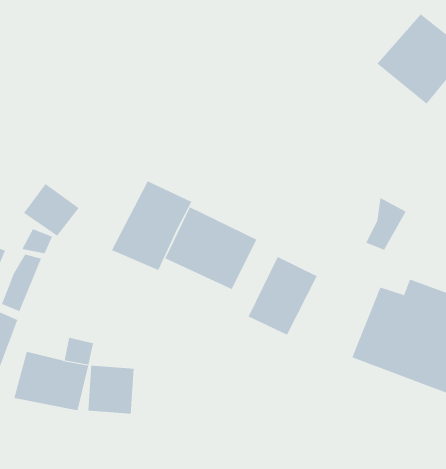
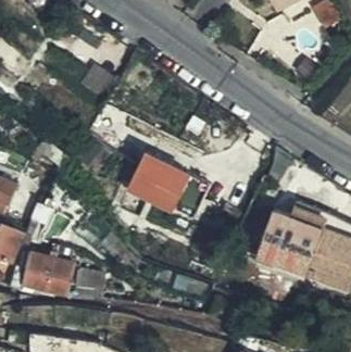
building: [111,181,192,271] -> none
building: [248,256,317,335] -> none

